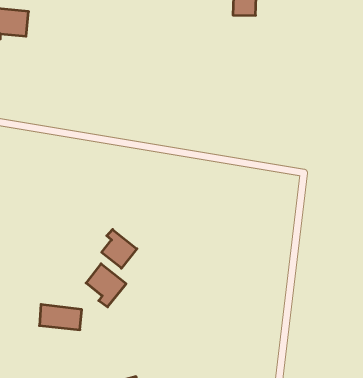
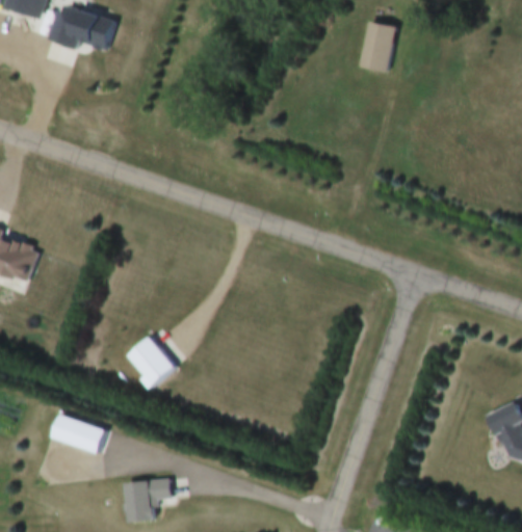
building: [102,229,137,268] -> none
building: [39,304,82,330] -> [51,415,105,453]

